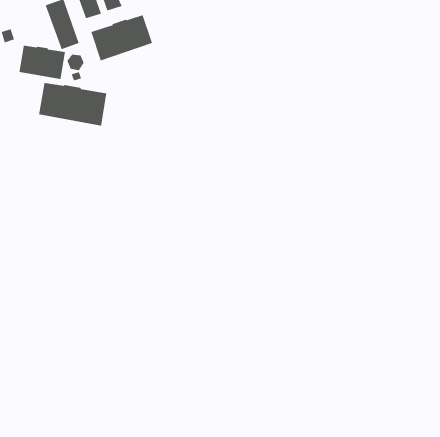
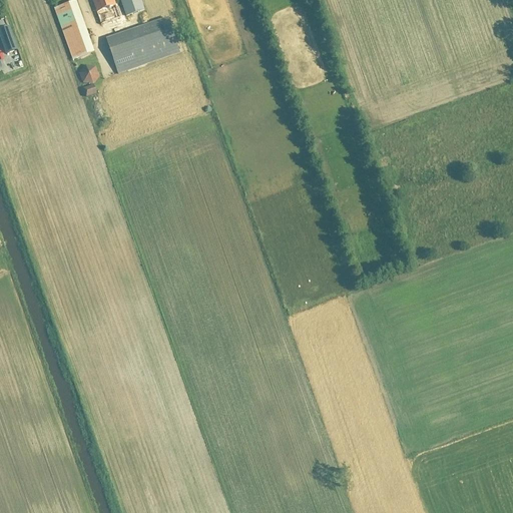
building: [19,45,65,80] -> none
building: [38,82,107,126] -> none

